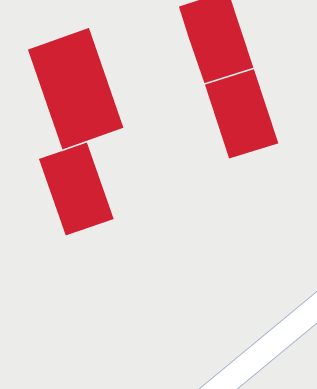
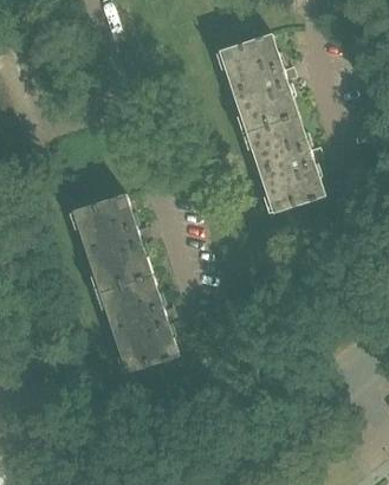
building: [27,27,125,150] -> none
building: none -> [99,276,179,374]

